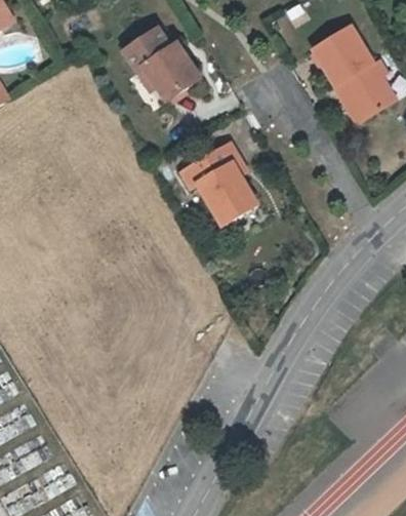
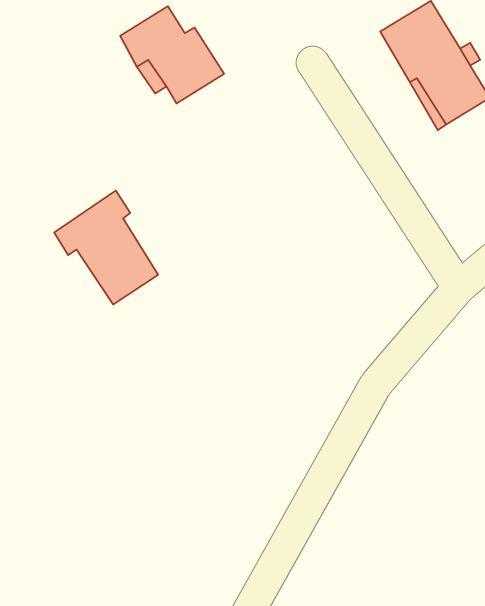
building: [184,145,259,228] -> [54,190,158,304]

